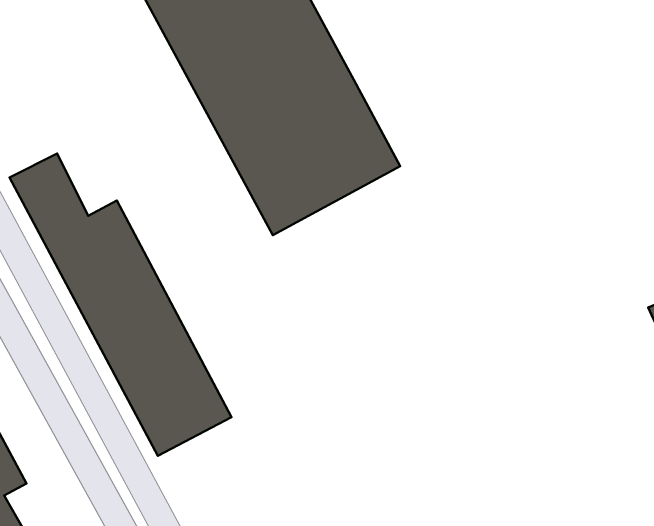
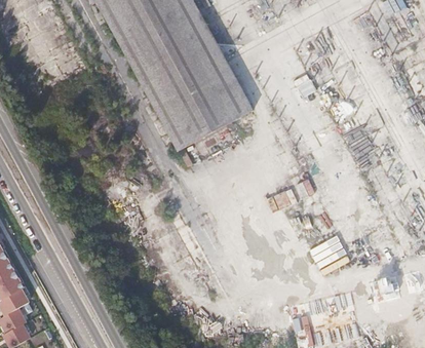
building: [9,154,232,456] -> none

